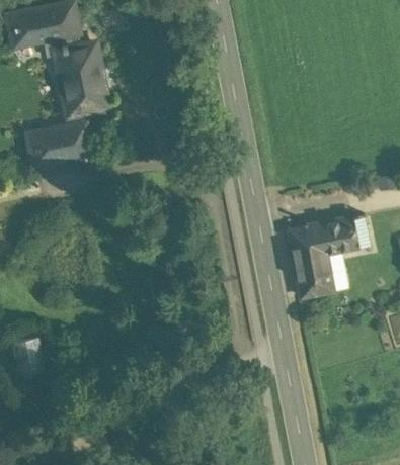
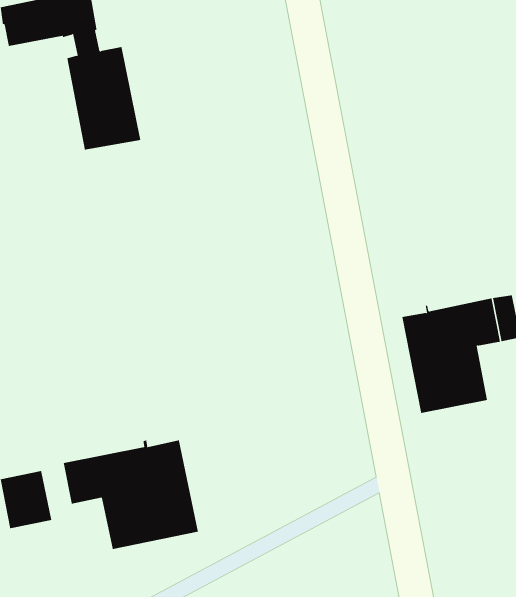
building: [29,122,91,163] -> none
building: none -> [63,440,198,550]

